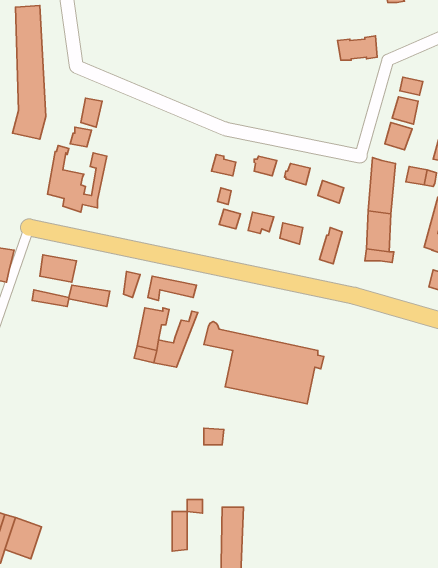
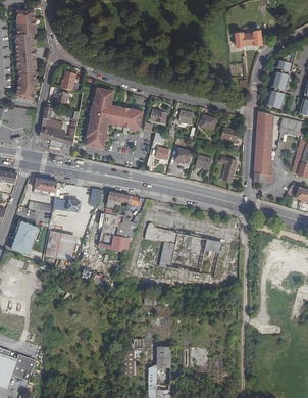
building: none -> [84,86,142,148]
building: none -> [11,220,38,254]
building: none -> [45,230,75,260]

